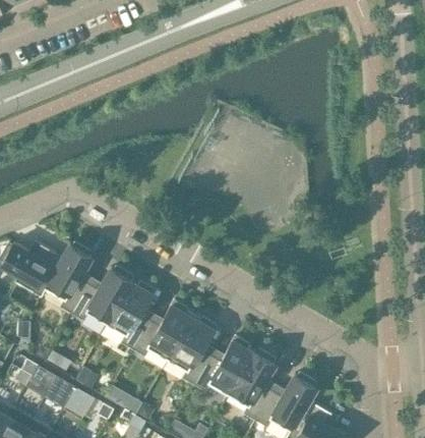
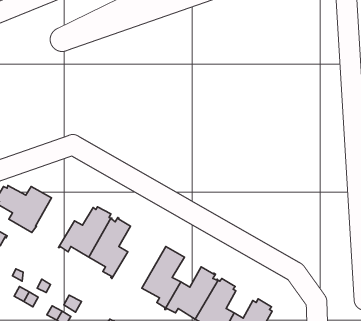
building: [44,244,90,316] -> none
building: [131,303,193,363] -> none

